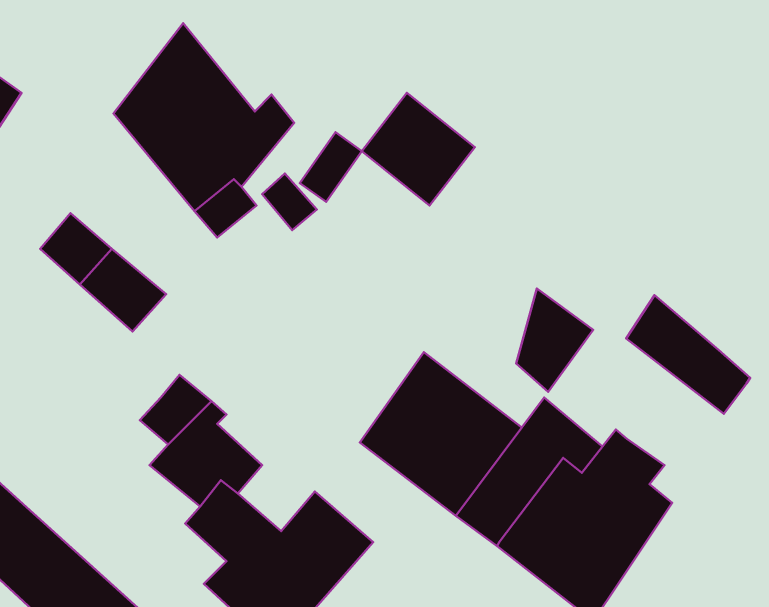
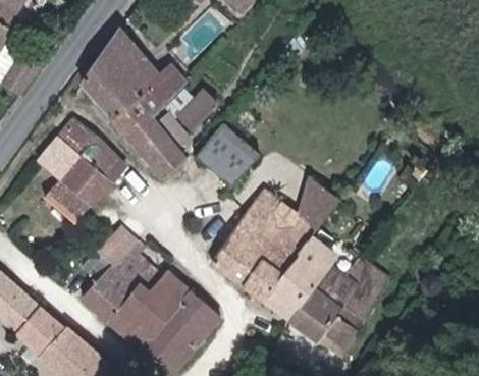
building: [362,93,475,206] -> [196,124,257,185]
building: none -> [56,119,123,181]
building: none -> [136,133,183,179]
building: none -> [36,157,90,224]
building: [626,295,750,414] -> [248,190,315,254]
building: none -> [147,267,189,310]
building: none -> [81,274,141,338]

